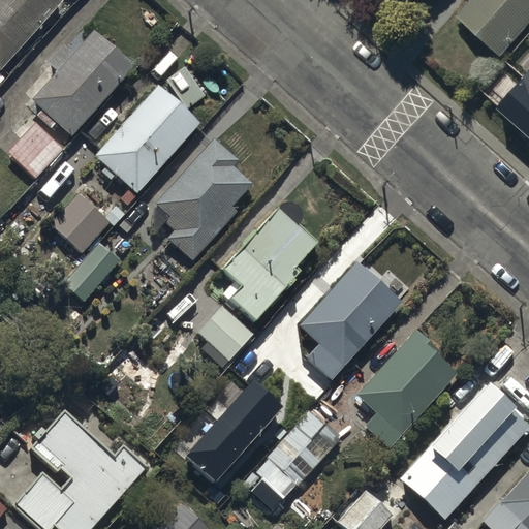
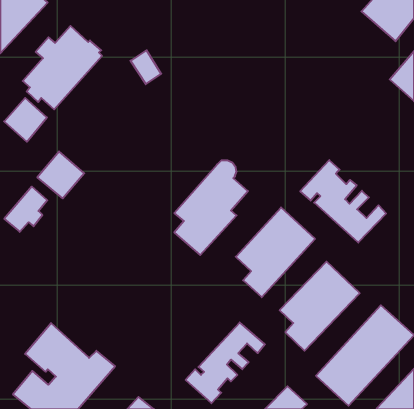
building: [95,86,199,194] -> none
building: [155,139,252,260] -> none
building: none -> [300,160,386,243]
building: [61,244,116,302] -> [4,187,47,232]
building: [196,305,251,361] -> none
building: [185,377,279,476] -> none

